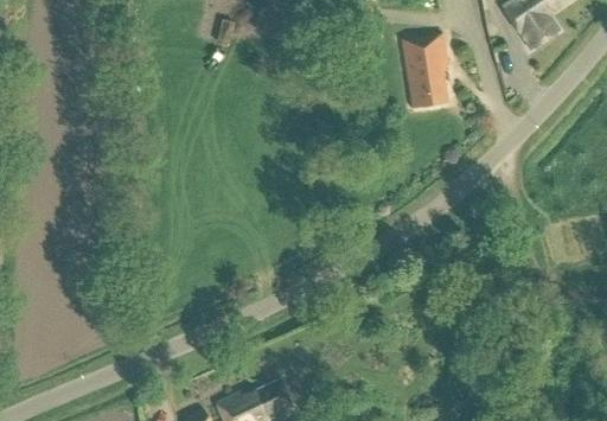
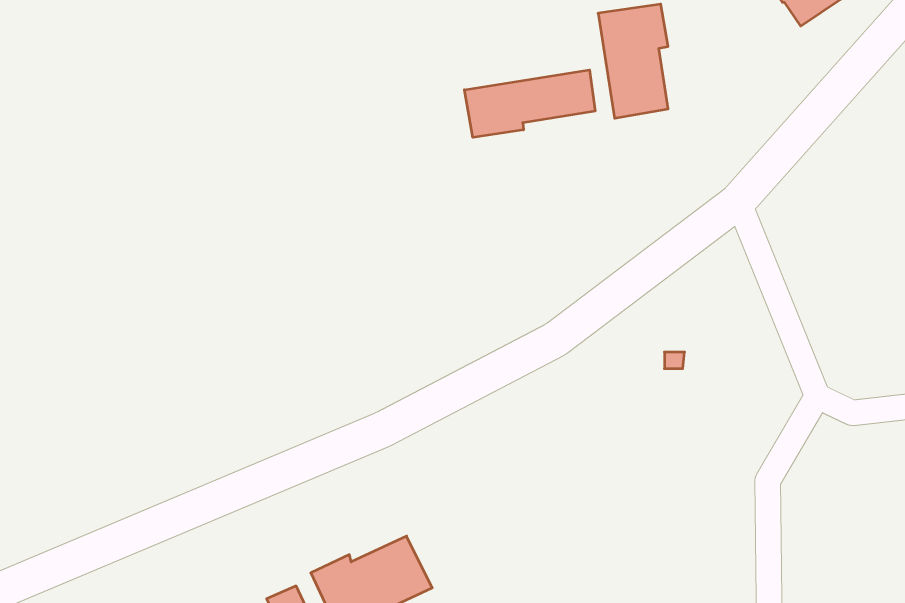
building: none -> [464,70,595,137]

